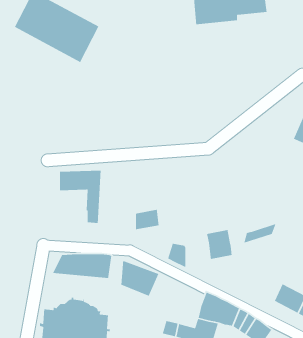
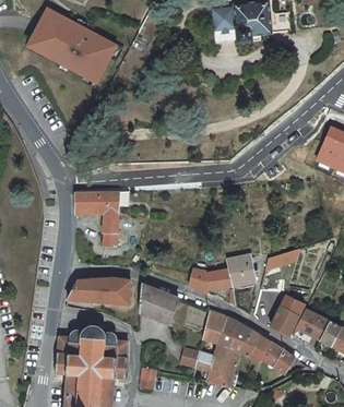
building: [135,209,159,230] -> [205,268,230,290]
building: none -> [254,289,304,337]
building: none -> [201,311,226,346]

